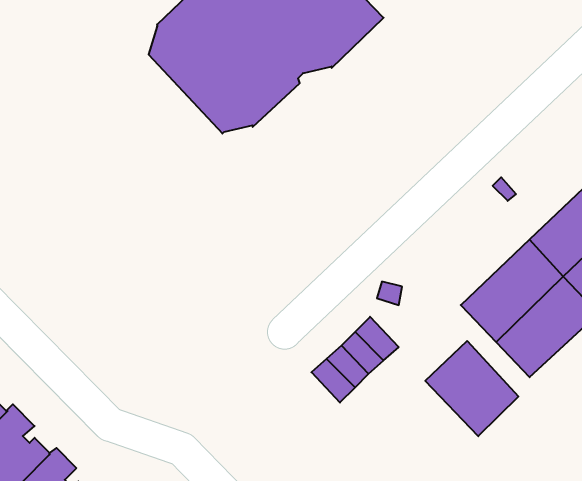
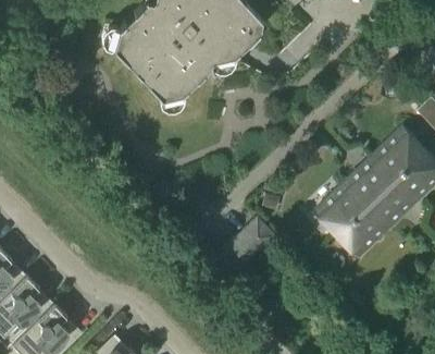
building: [425,341,518,436] -> none

